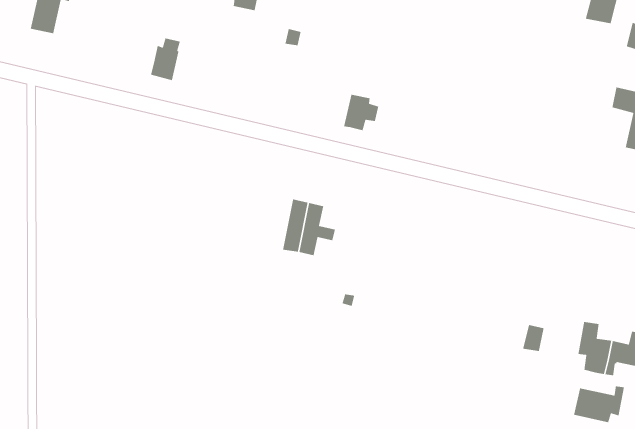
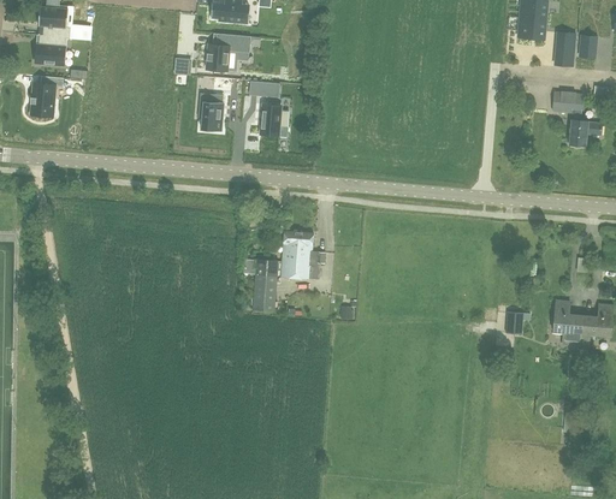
building: [150,38,181,81] -> [200,93,223,130]
building: [343,94,379,131] -> [259,103,288,135]
building: none -> [253,259,278,310]
building: [573,385,625,423] -> none

